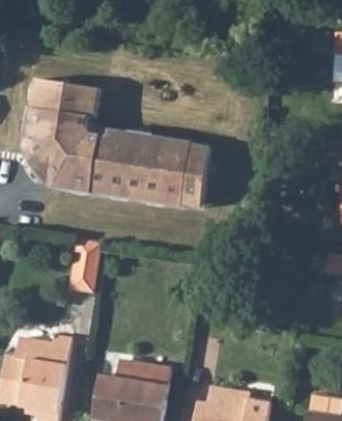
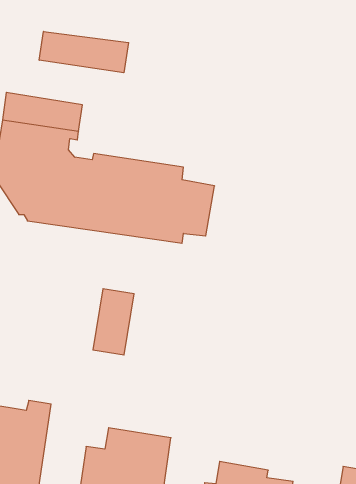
building: none -> [39,31,129,73]
building: [67,238,102,293] -> [93,289,134,355]

